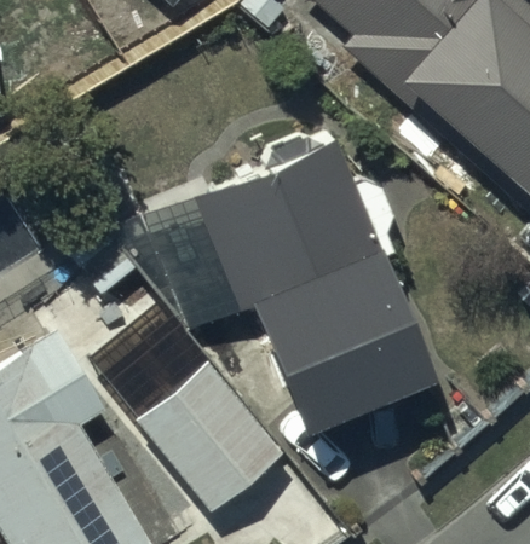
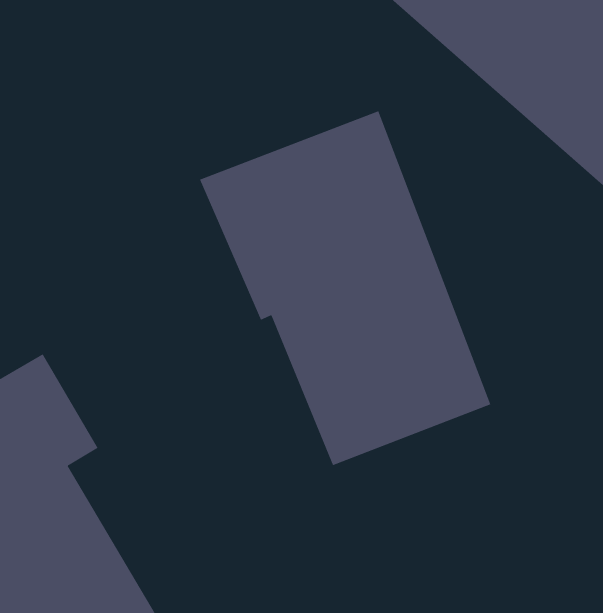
building: [83,296,281,509] -> none

